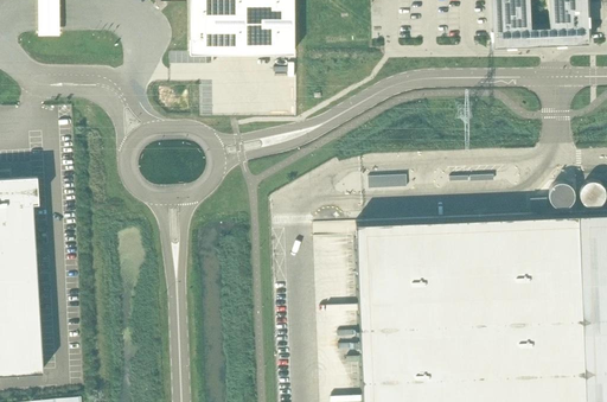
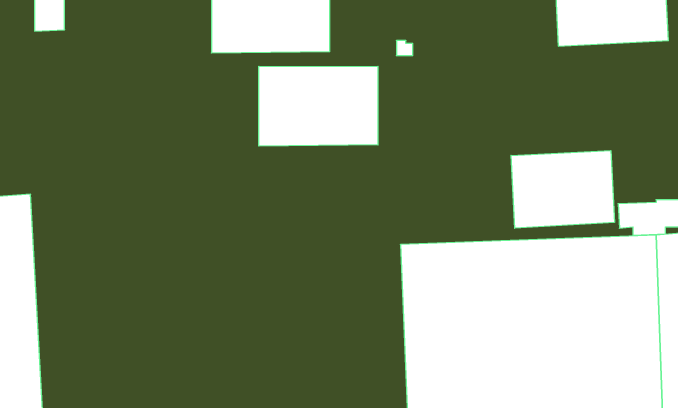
building: none -> [259,66,378,146]
building: none -> [511,151,614,228]

